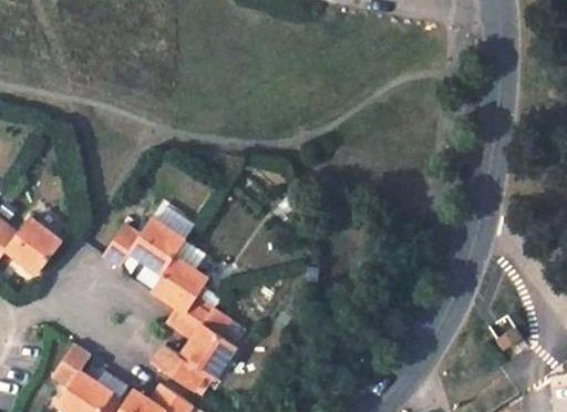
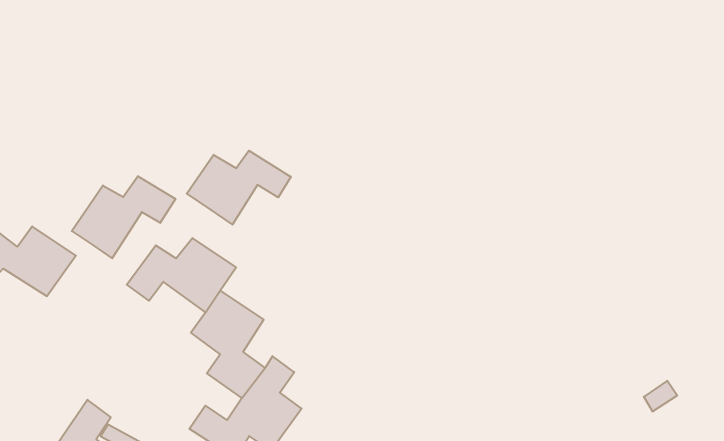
building: none -> [187,151,291,225]
building: none -> [72,176,175,258]

